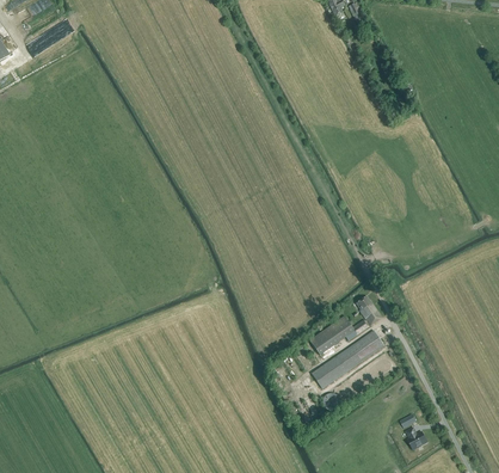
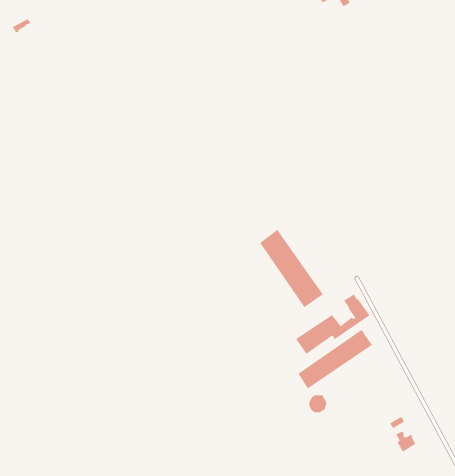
building: none -> [259,229,324,308]

